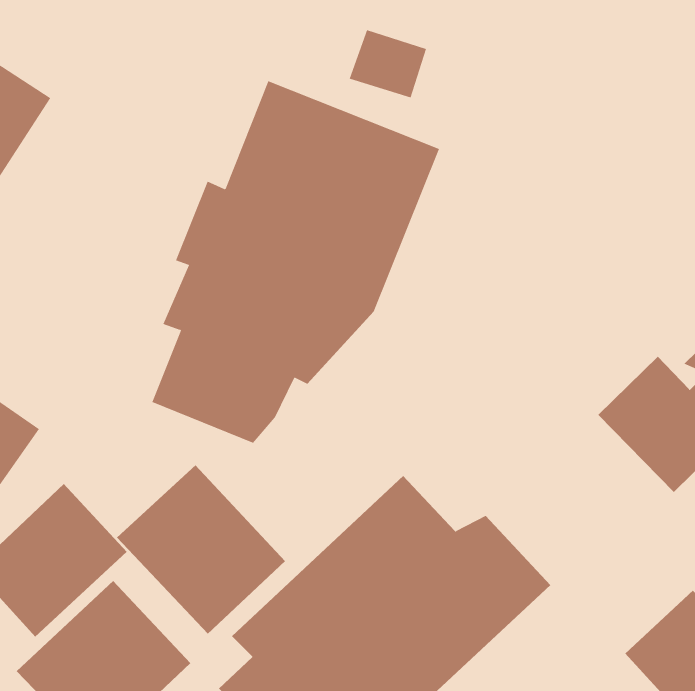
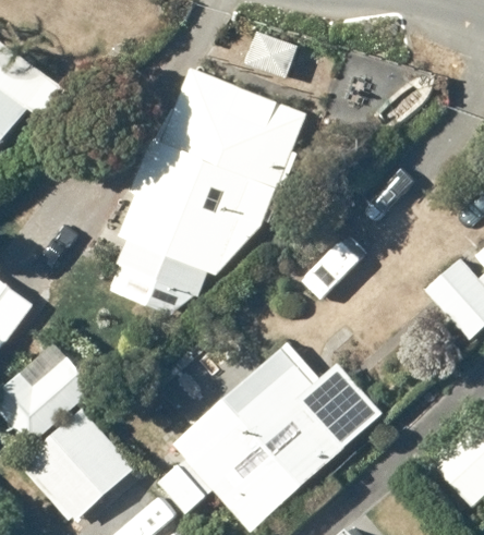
building: [116,465,286,634] -> none

